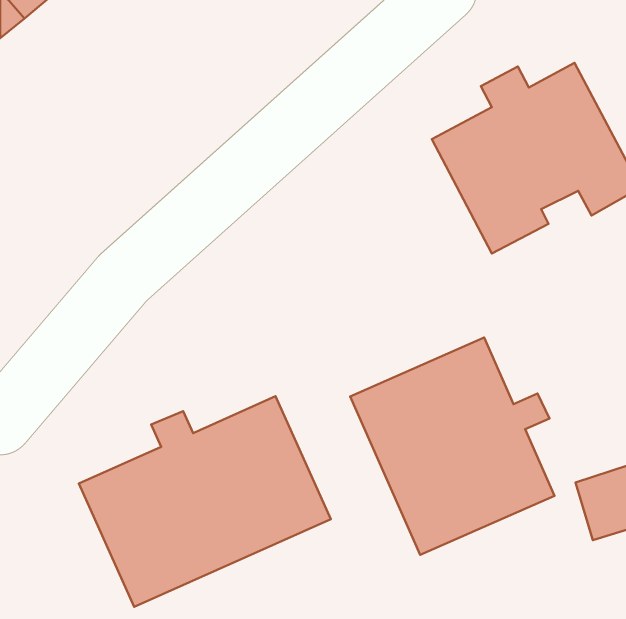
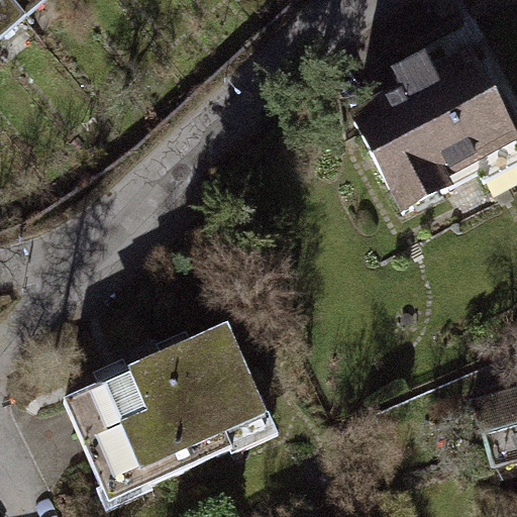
building: [350,338,554,555] -> none

